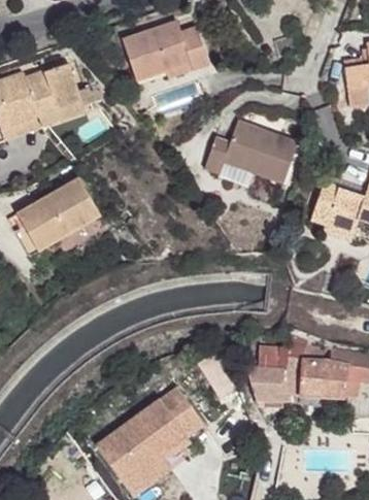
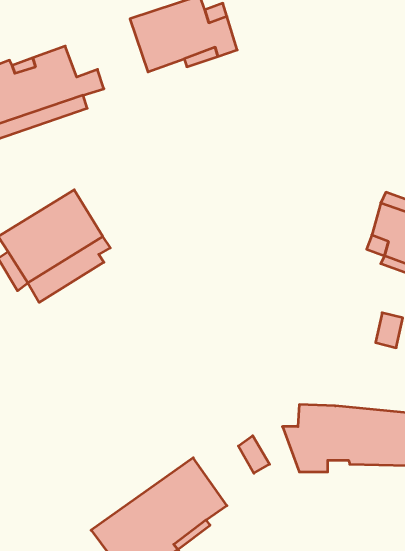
building: [205,120,298,185] -> none

